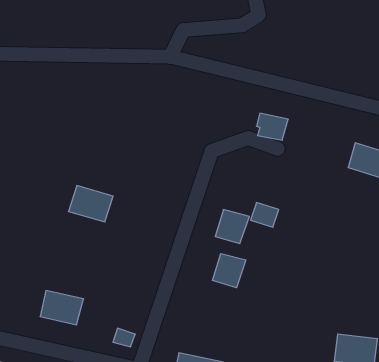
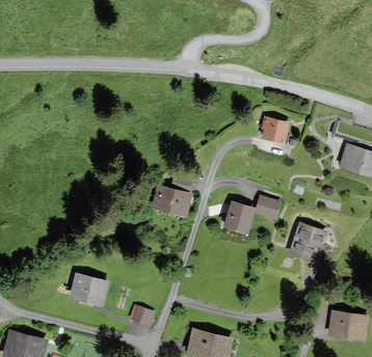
building: [68,186,113,222] -> [156,183,195,215]
building: none -> [290,223,326,263]
building: [212,254,246,288] -> none

